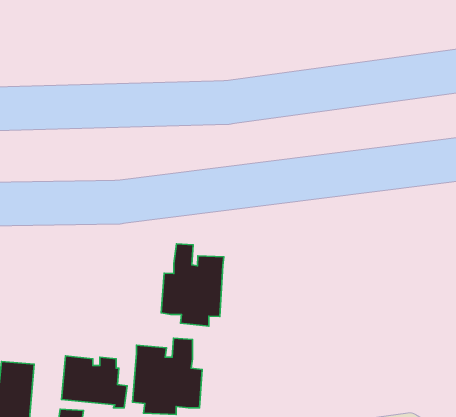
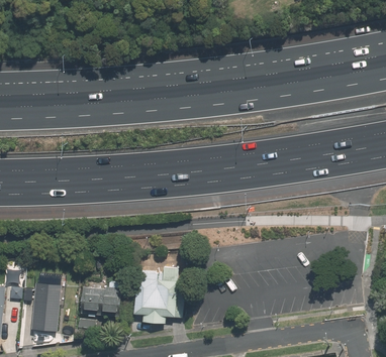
building: [161,244,224,326] -> none

